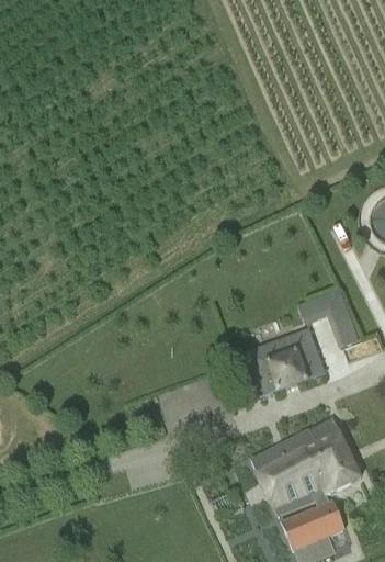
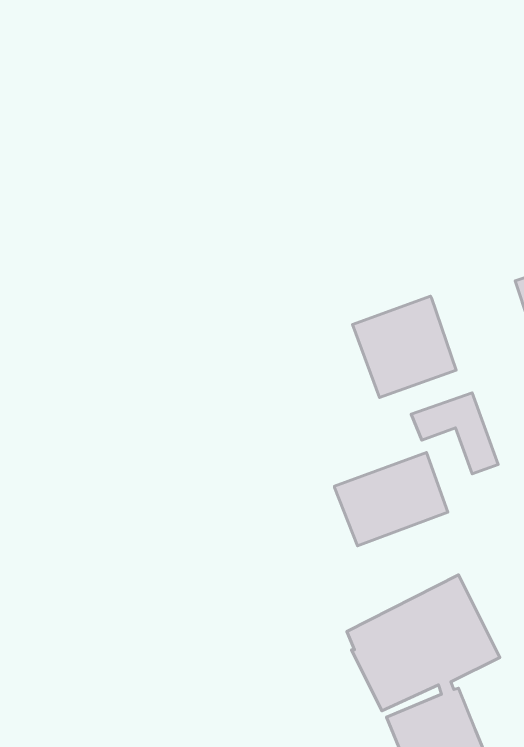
building: none -> [353,296,456,397]

